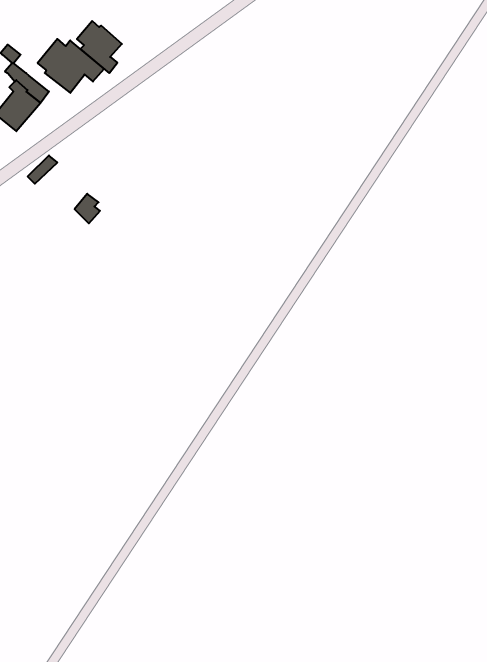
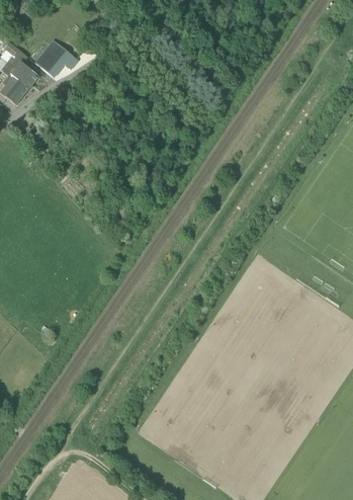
building: [77,21,122,73] -> none

